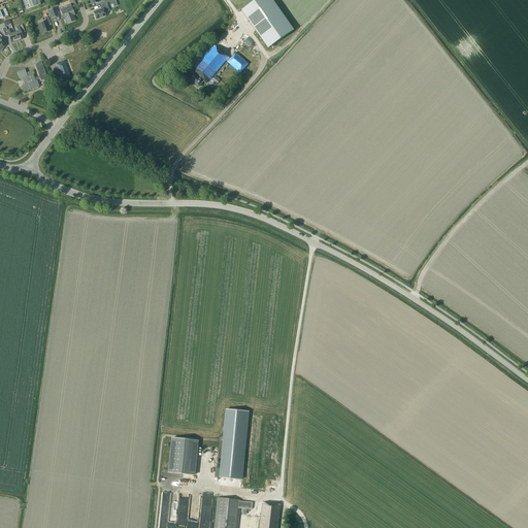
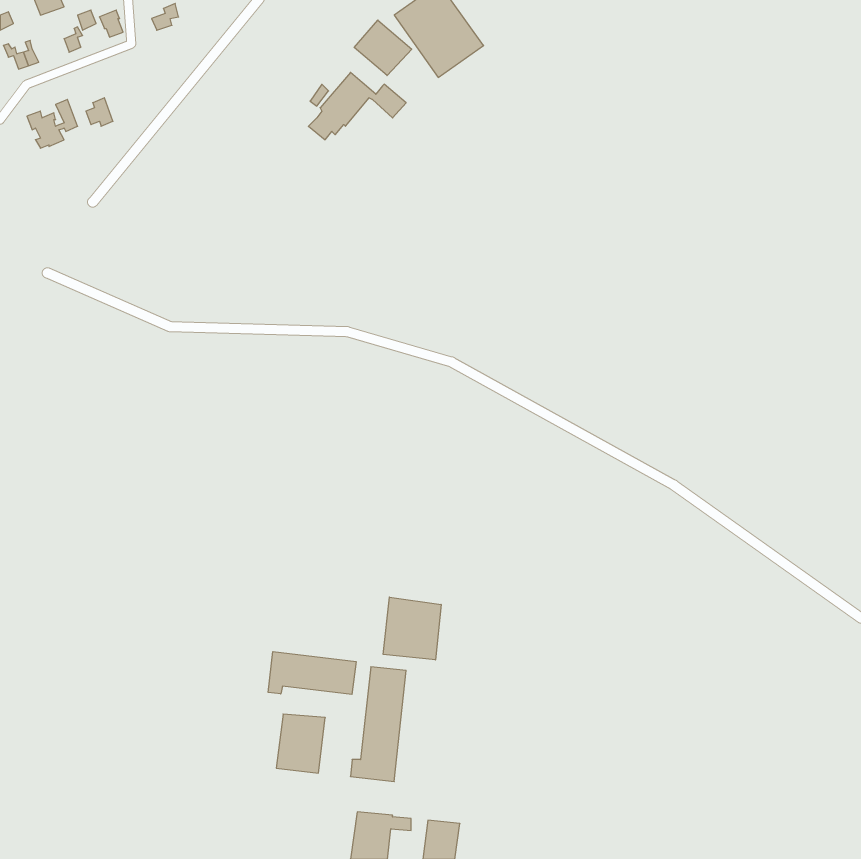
building: none -> [354,20,412,76]
building: none -> [383,597,441,660]
building: none -> [268,652,356,694]

